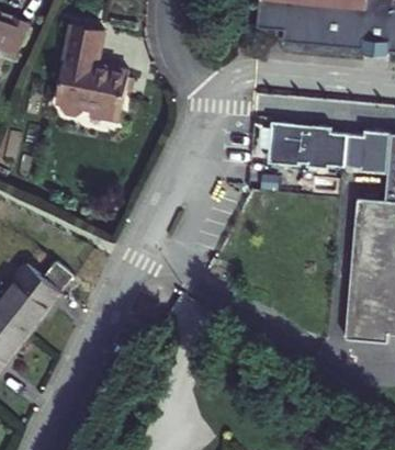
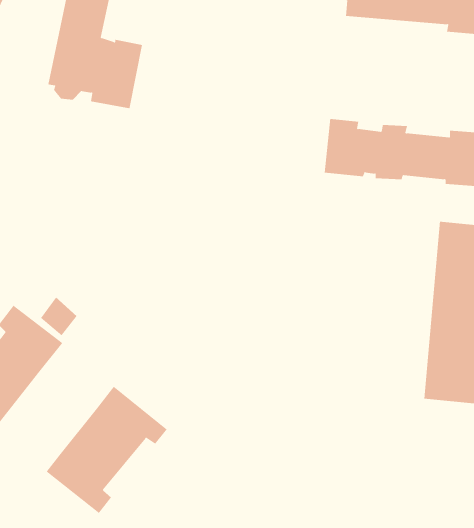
building: none -> [46,386,167,514]

